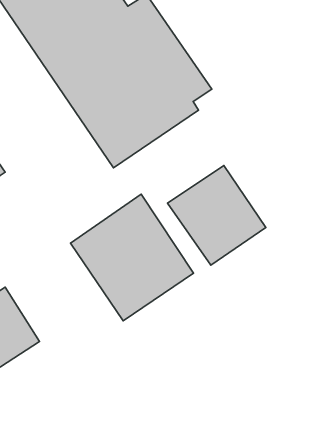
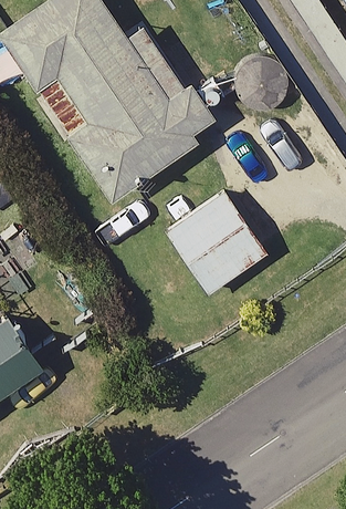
building: [70,194,193,321] -> none

